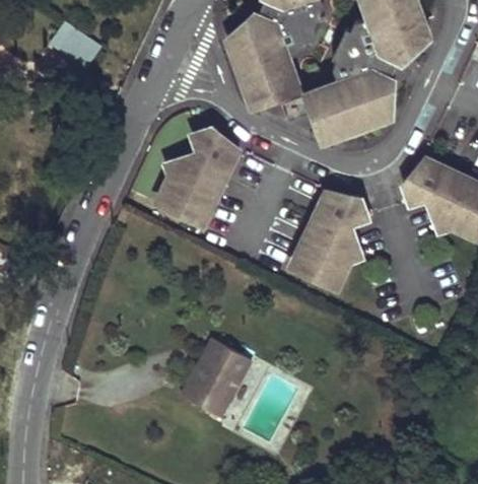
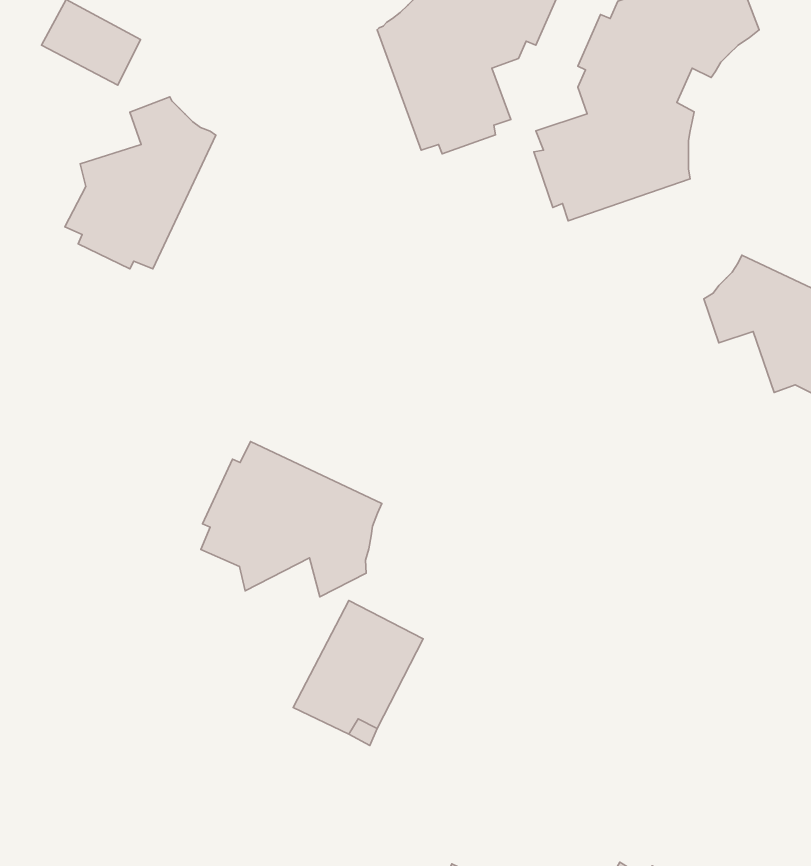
building: [159,129,240,220] -> [65,97,216,269]
building: [294,191,366,285] -> none
building: none -> [201,442,382,597]

